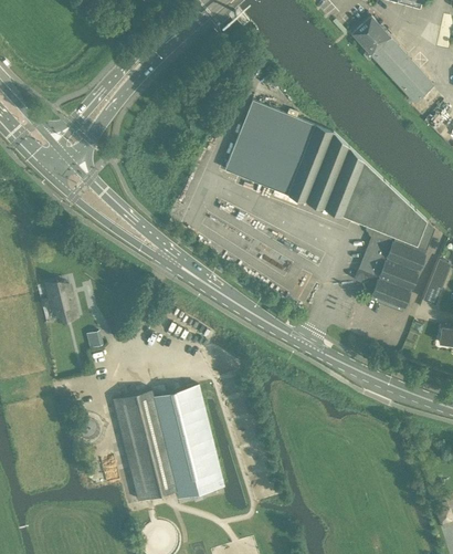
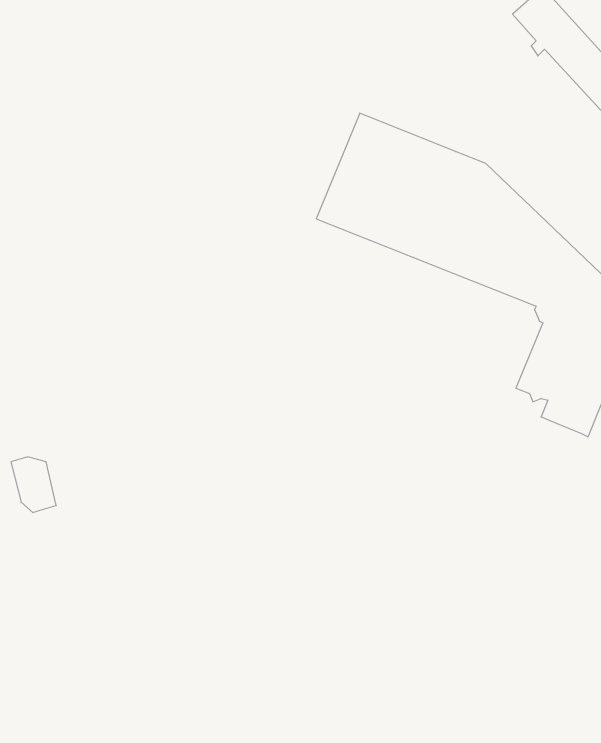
building: [46,282,76,318] -> [11,457,56,512]
building: [113,385,223,501] -> none

